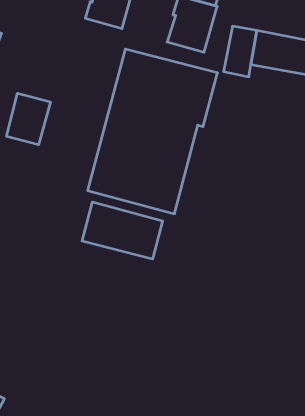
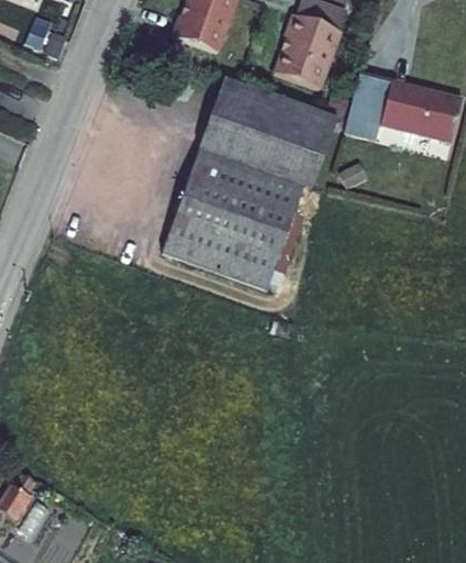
building: [7,93,50,145] -> none
building: [82,202,163,259] -> none

